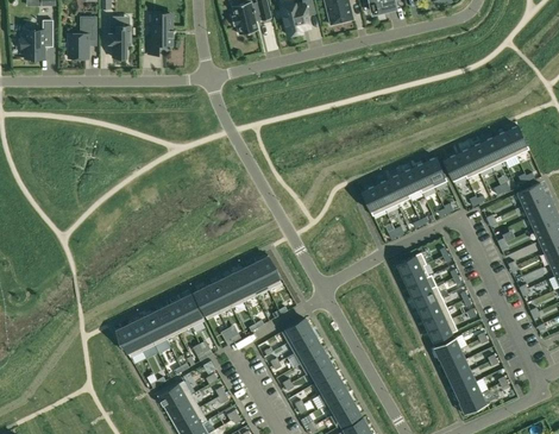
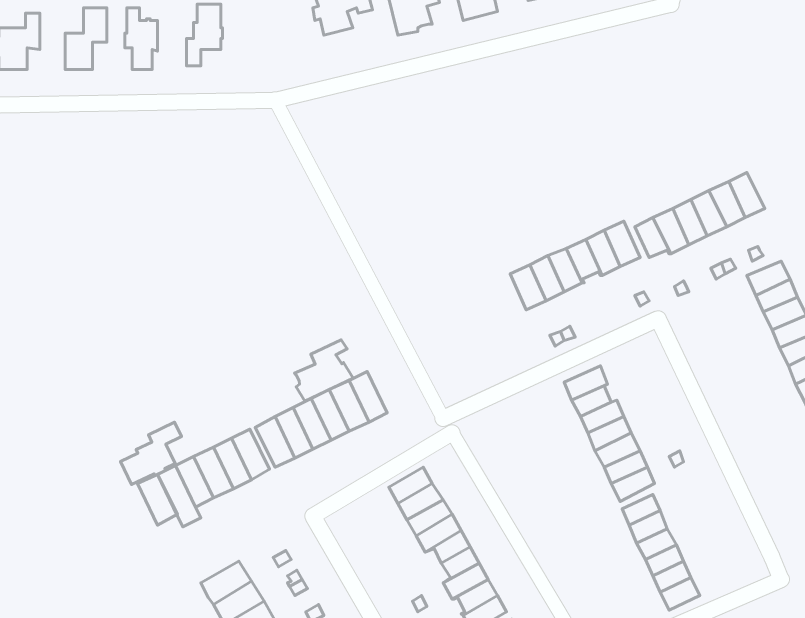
building: none -> [294,340,353,401]
building: none -> [120,422,181,485]

